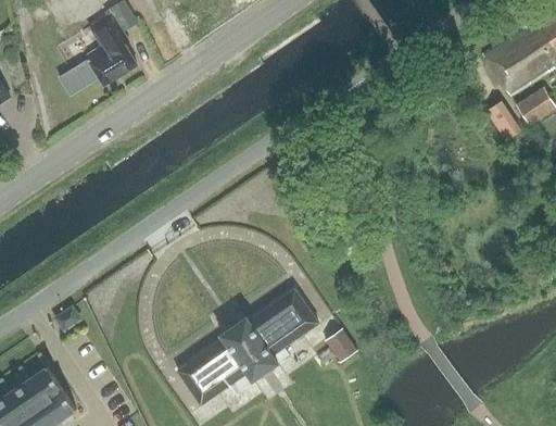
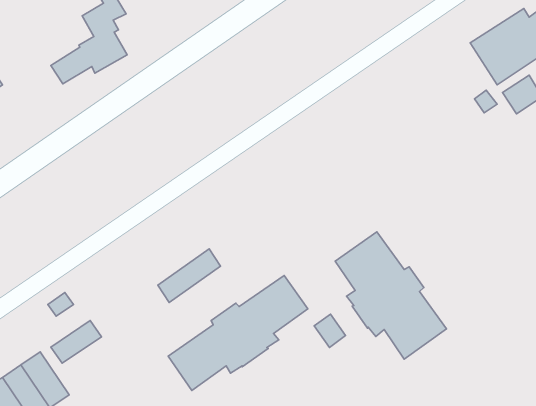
building: none -> [335,232,447,359]
building: none -> [158,249,220,302]
building: none -> [51,320,101,363]

